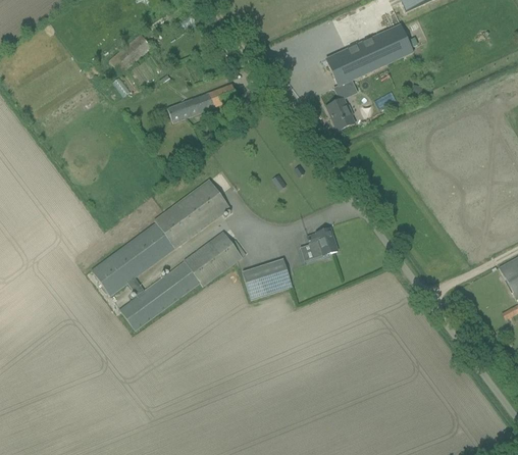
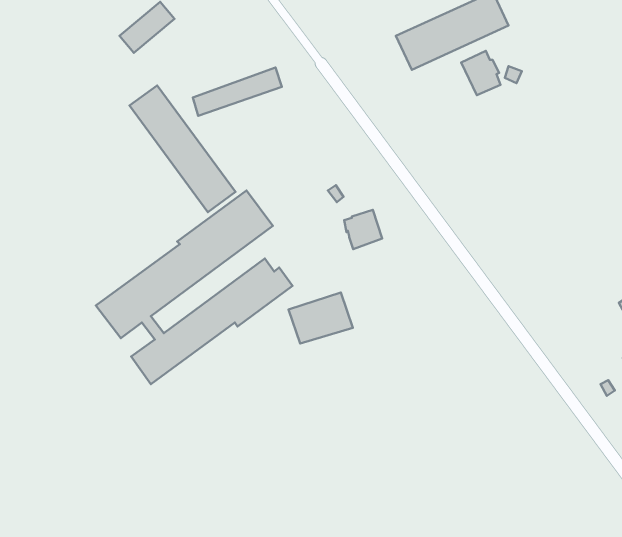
building: [324,97,355,132] -> [461,51,500,95]
building: none -> [129,85,235,212]
building: [307,227,336,258] -> [344,210,382,249]

